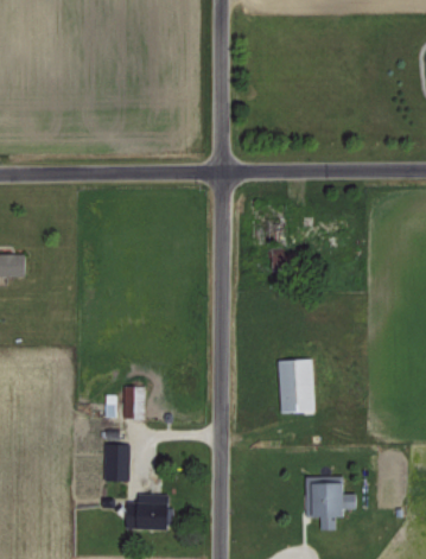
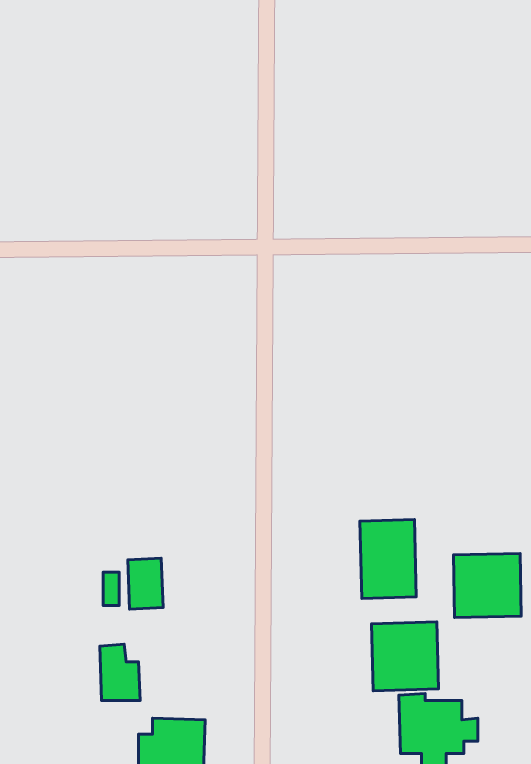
building: none -> [453,553,521,618]
building: none -> [372,622,438,691]

